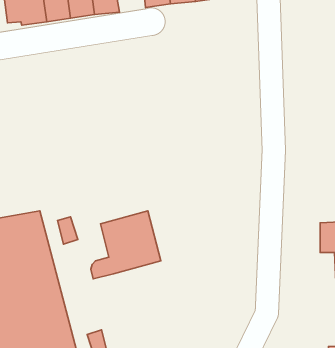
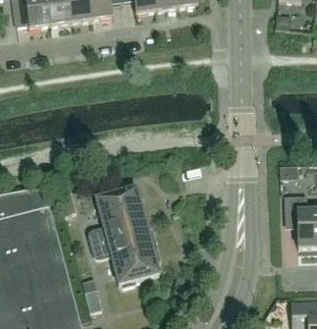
building: none -> [90,228,161,284]

